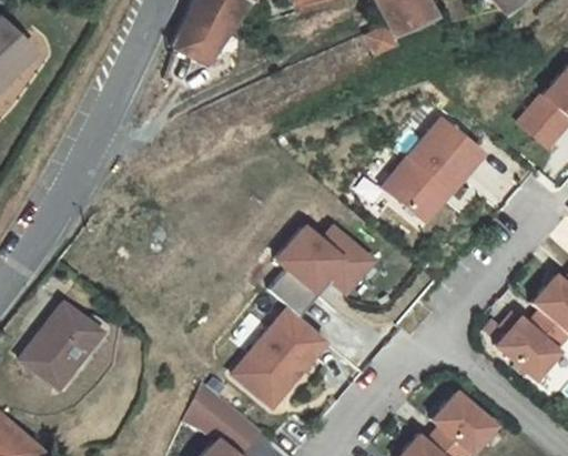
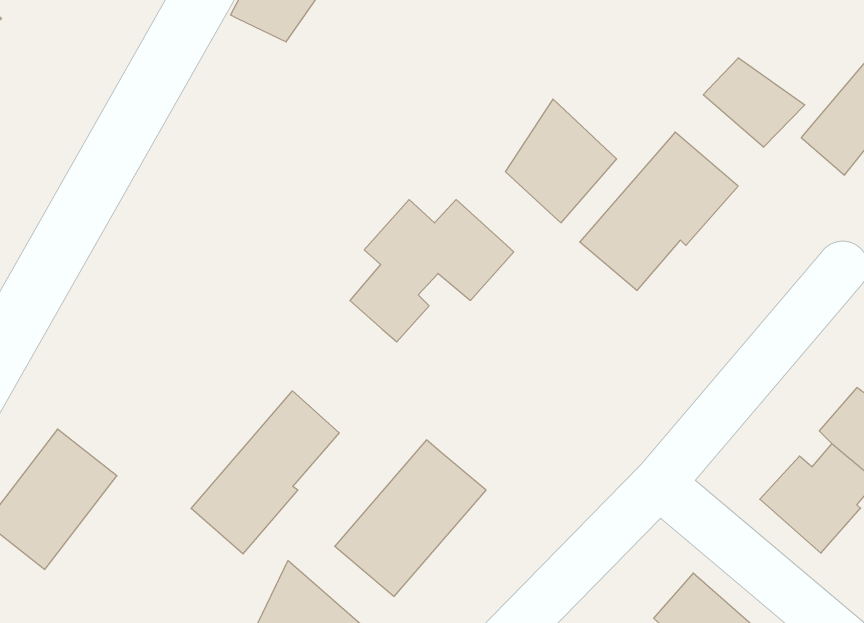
building: none -> [703,58,805,147]
building: none -> [506,99,617,223]
building: [272,229,373,316] -> [350,200,514,342]
building: none -> [191,391,339,554]

